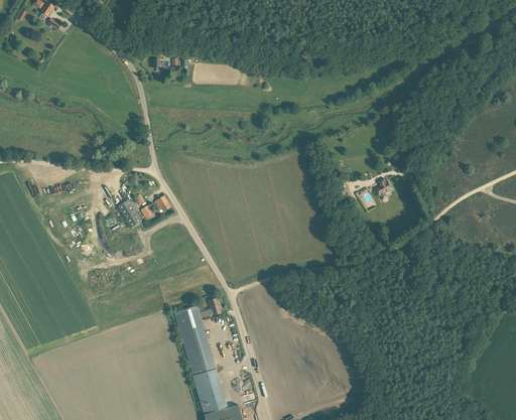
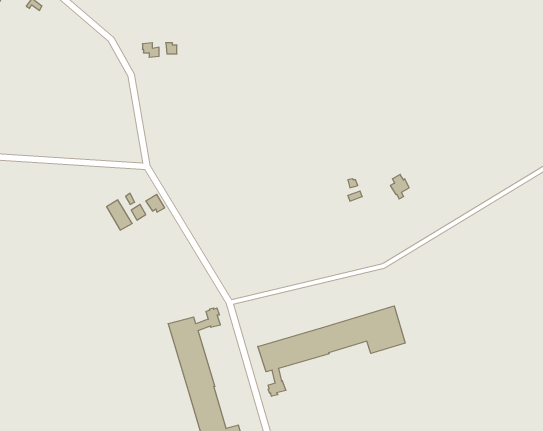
building: none -> [258,306,405,396]

